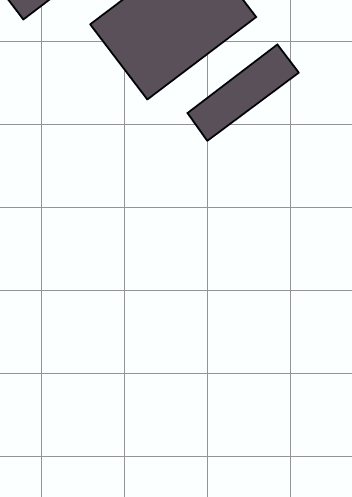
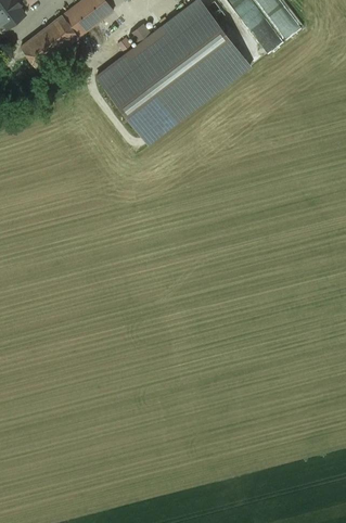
building: [187,44,299,141] -> none

